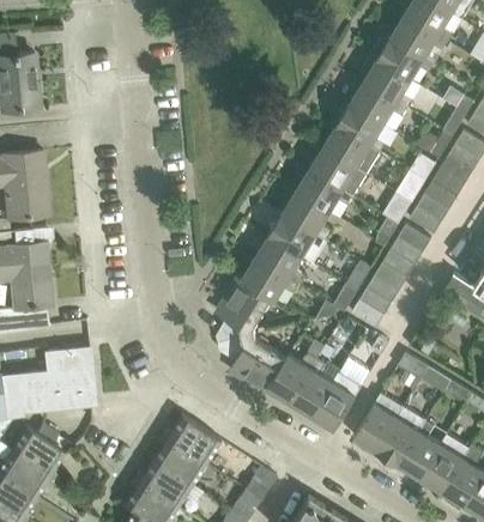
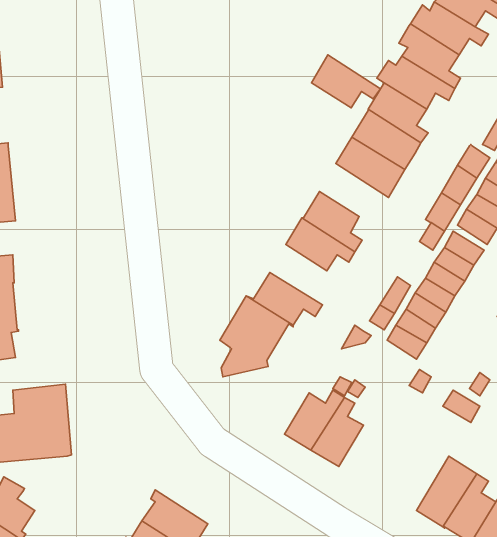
building: [297,169,353,212] -> [312,55,381,108]
building: [256,235,304,284] -> none
building: [218,334,289,394] -> none
building: [313,372,362,430] -> none
building: [353,394,403,451] -> none
building: [163,415,219,462] -> none

